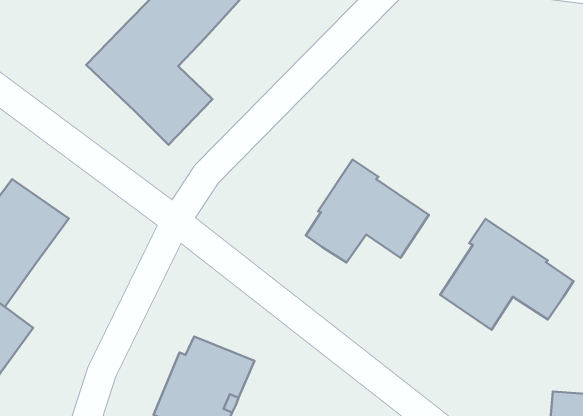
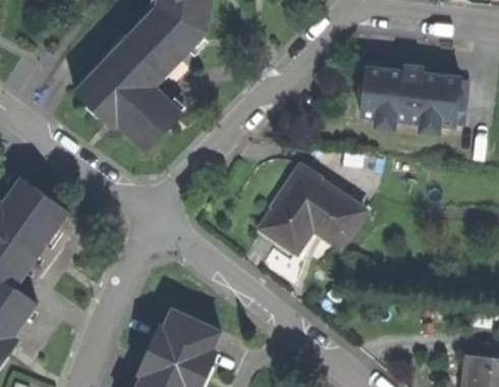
building: none -> [359,67,466,125]
building: [440,219,573,330] -> none

